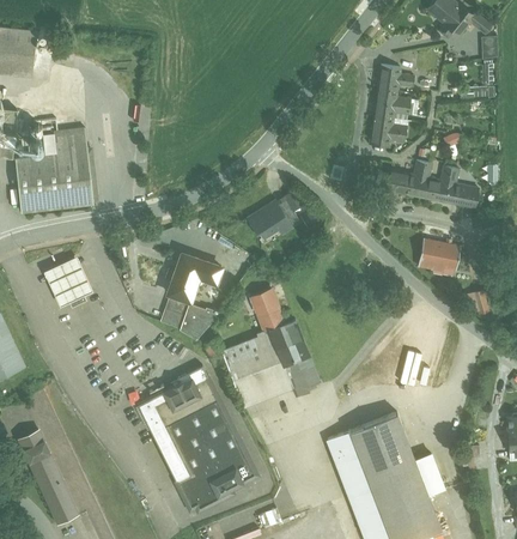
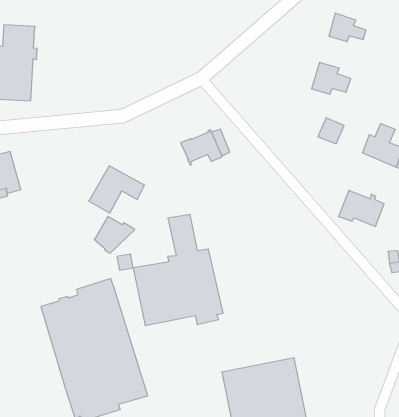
building: [372,89,410,119] -> none
building: [402,161,433,199] -> none
building: [159,297,188,329] -> none

